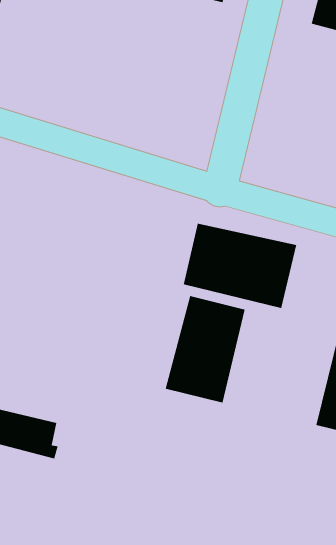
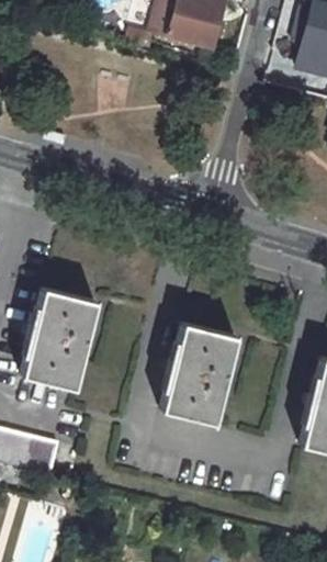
building: [183,223,297,309] -> none
building: none -> [20,290,93,390]

